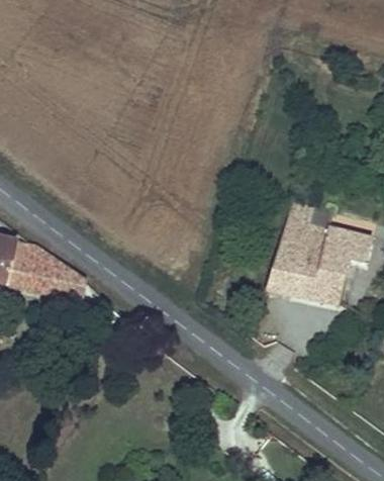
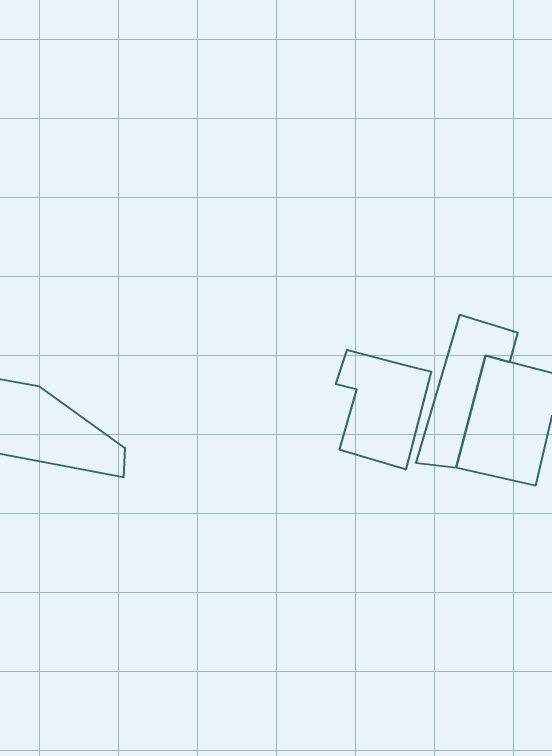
building: none -> [336,350,431,470]

